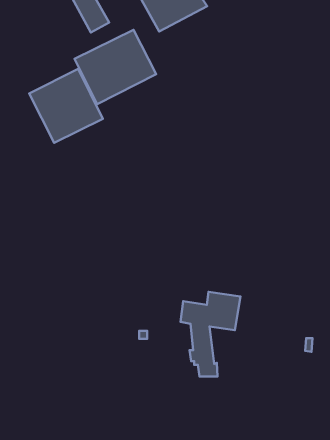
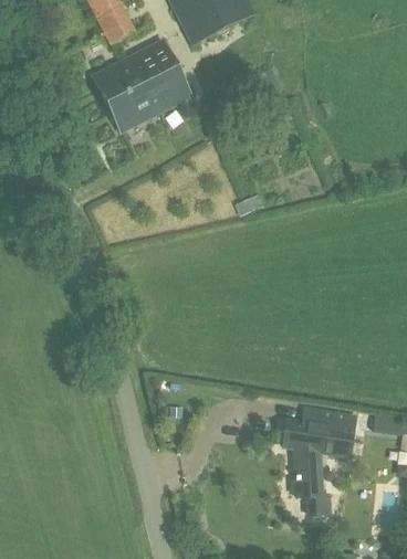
building: [29,69,103,143] -> none
building: [180,292,240,377] -> [283,410,356,513]

